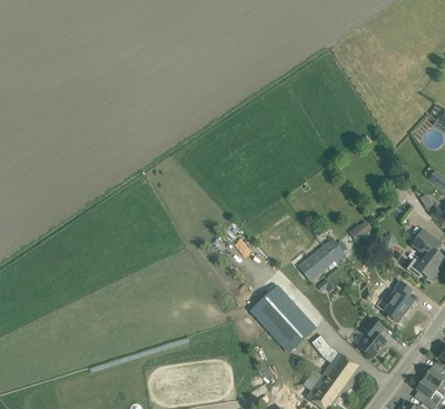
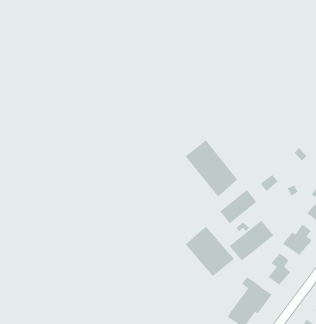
building: none -> [185,140,238,197]
building: none -> [229,220,274,262]

